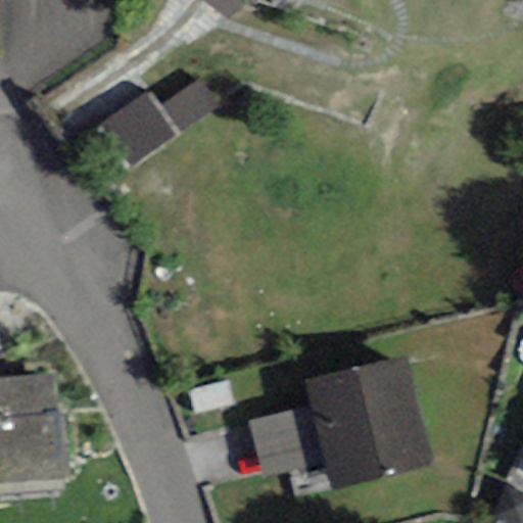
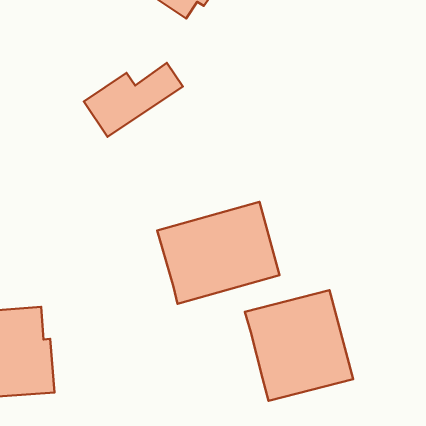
building: none -> [157,202,280,304]
building: [246,405,320,477] -> none

